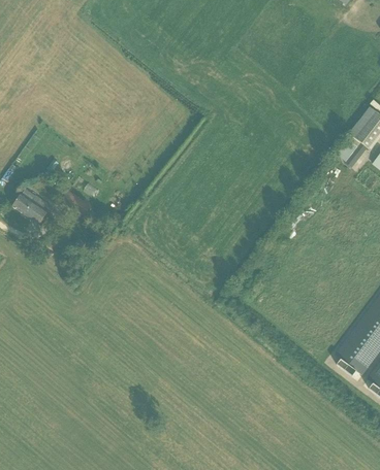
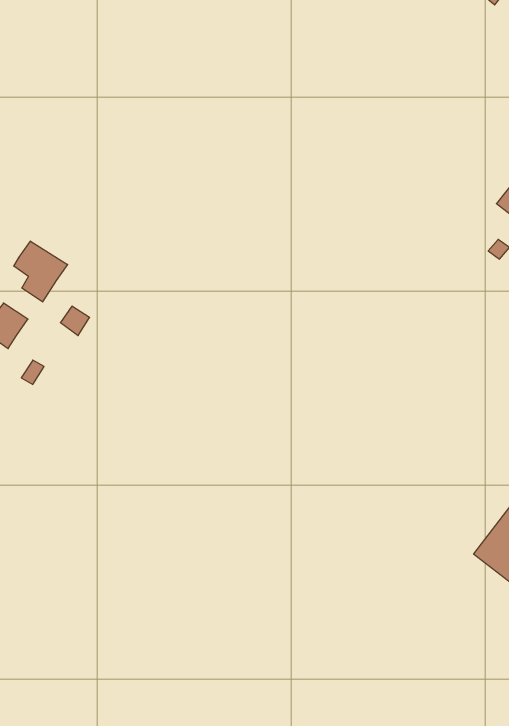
building: none -> [14,241,68,302]

